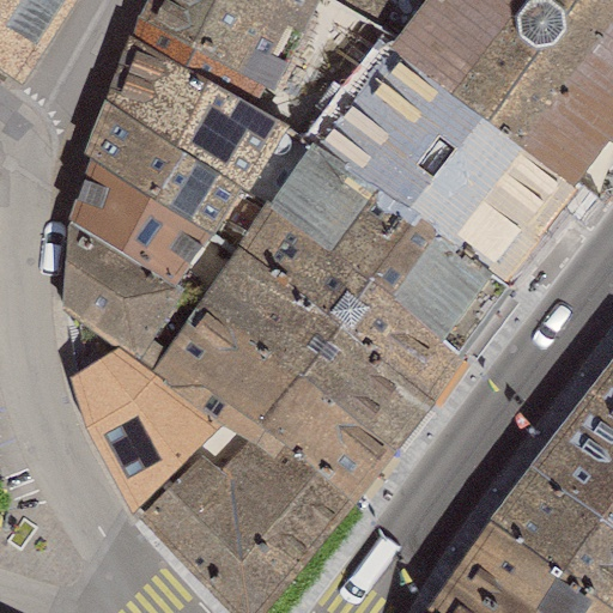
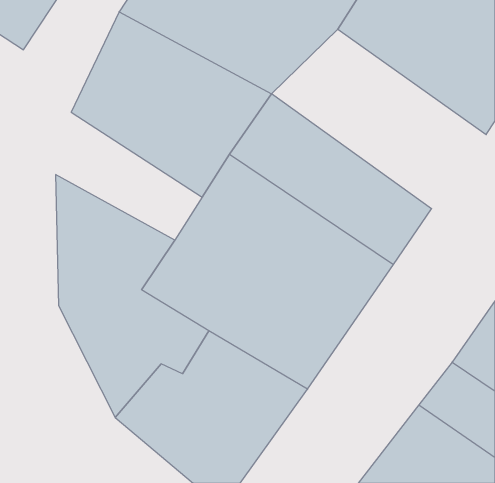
building: [333,36,596,256] -> none
building: [68,138,248,295] -> none

